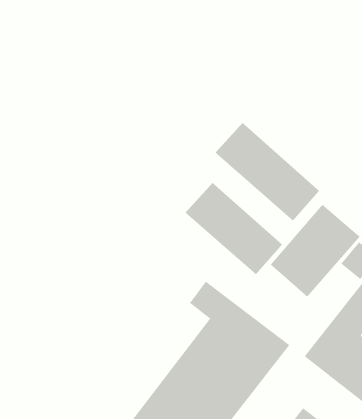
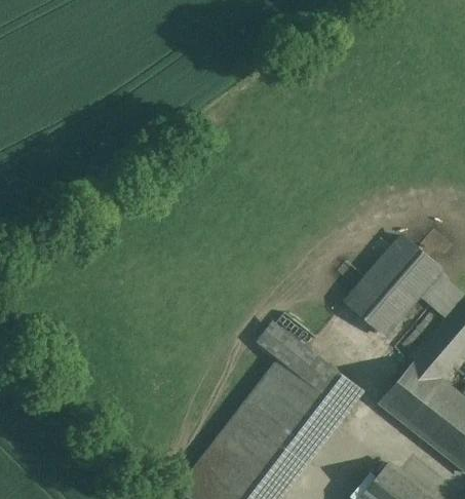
building: [214,122,320,222] -> none
building: [185,182,283,275] -> none

